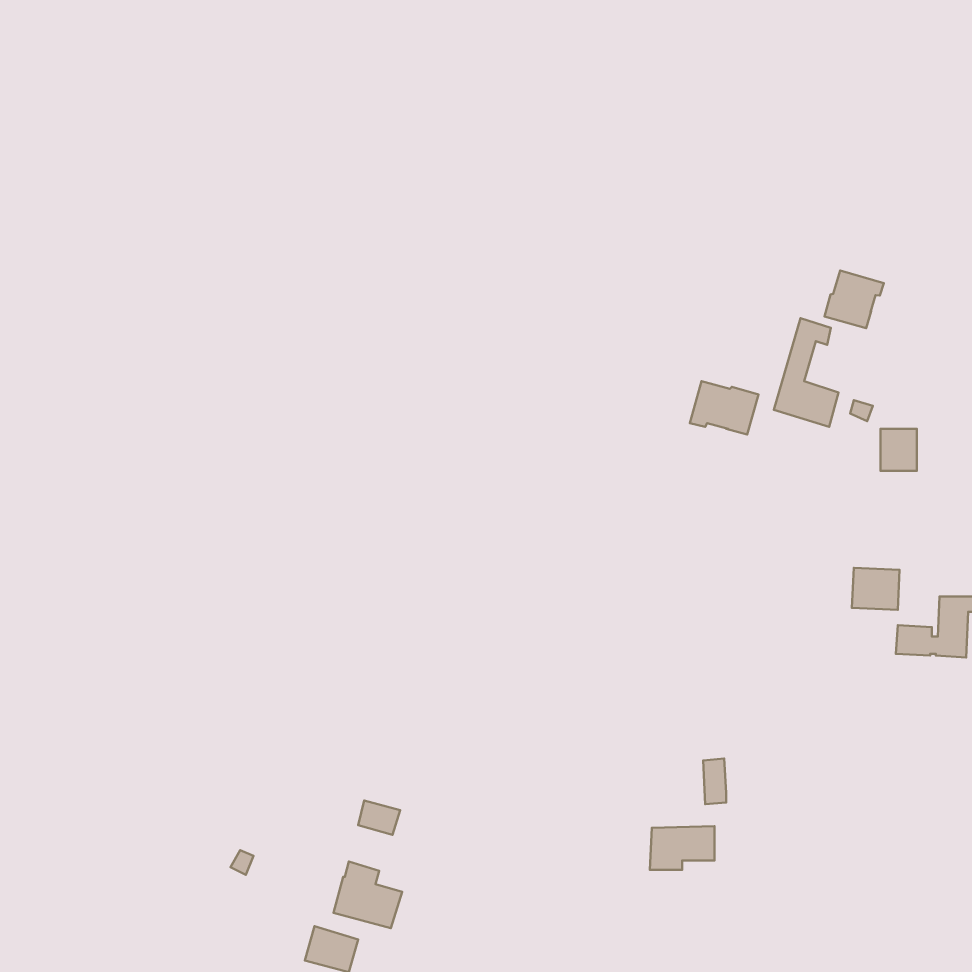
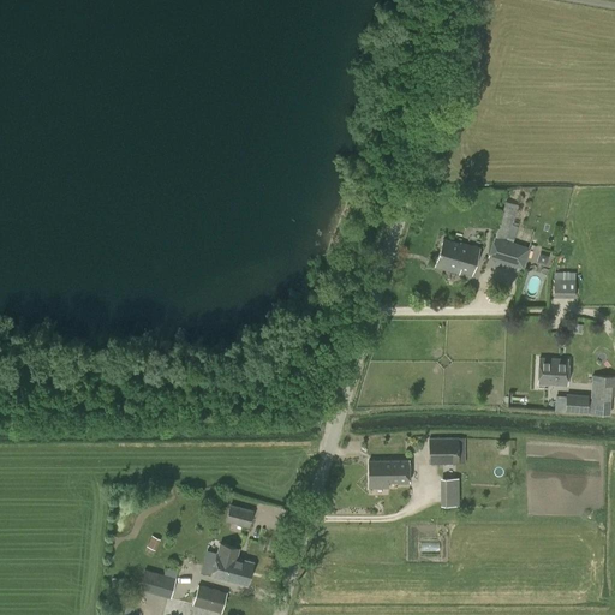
building: [824,270,884,328] -> none
building: none -> [429,438,459,466]
building: [650,826,715,870] -> [369,461,410,489]
building: none -> [139,568,179,599]

